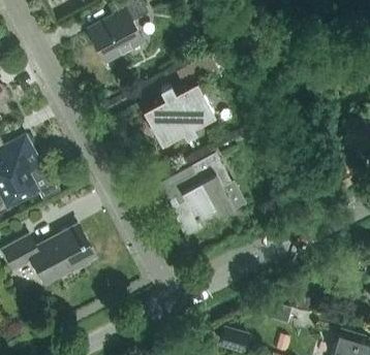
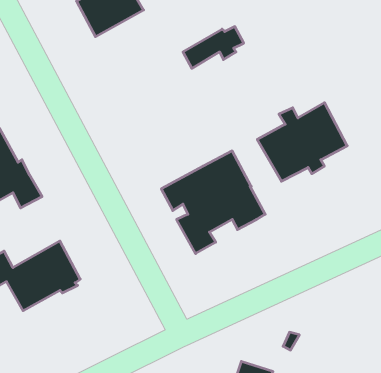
building: [142,83,215,147] -> [257,103,347,181]

